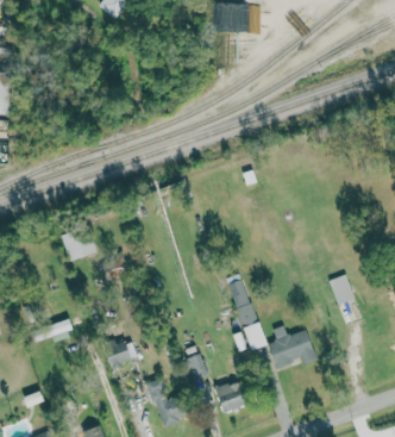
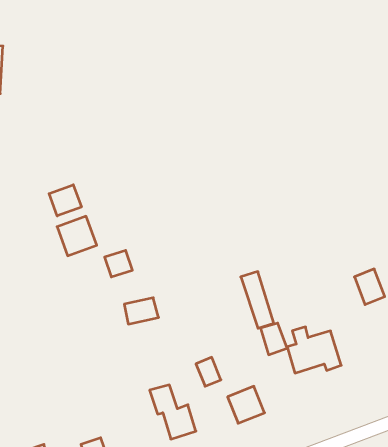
building: none -> [49,185,81,216]
building: [32,320,73,343] -> none
building: [106,342,137,366] -> [124,298,159,324]

